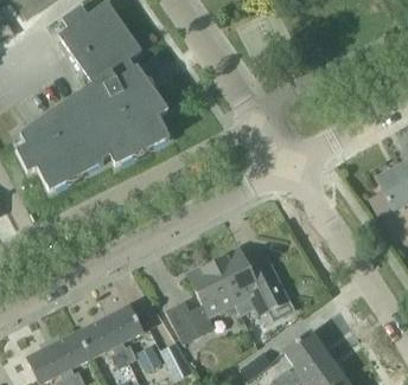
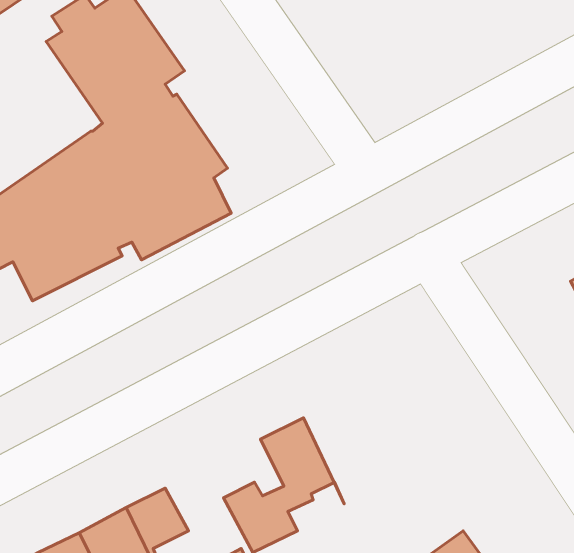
building: [213,249,292,319] -> none

